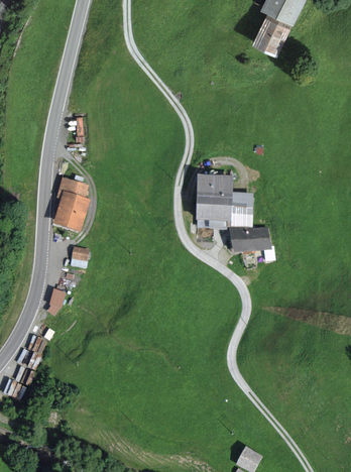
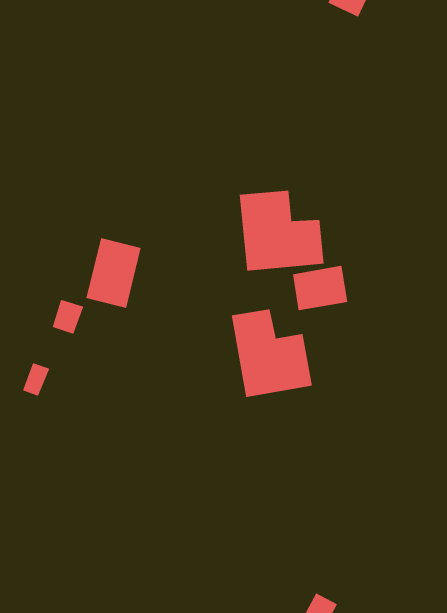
building: [53,181,92,229] -> [86,238,142,308]
building: none -> [231,308,313,398]

